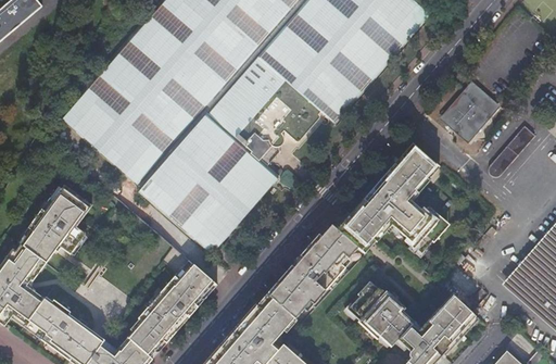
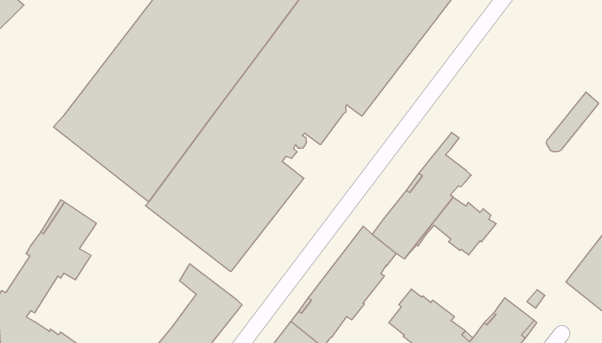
building: [442,84,500,139] -> none
building: [407,149,441,193] -> none

